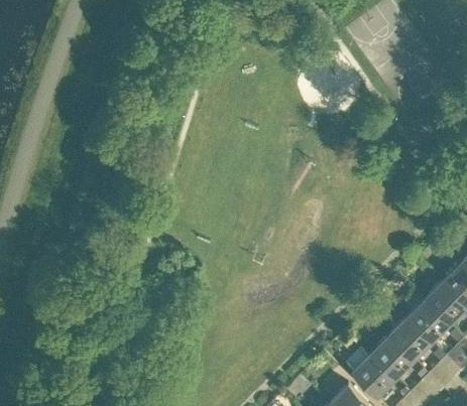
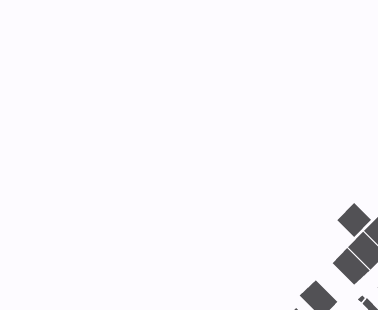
building: none -> [336,202,372,238]
building: [370,336,414,380] -> none

